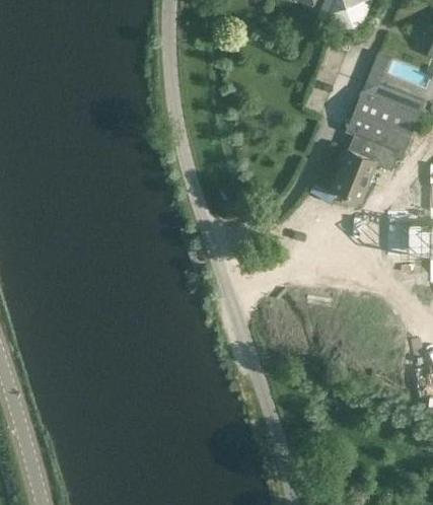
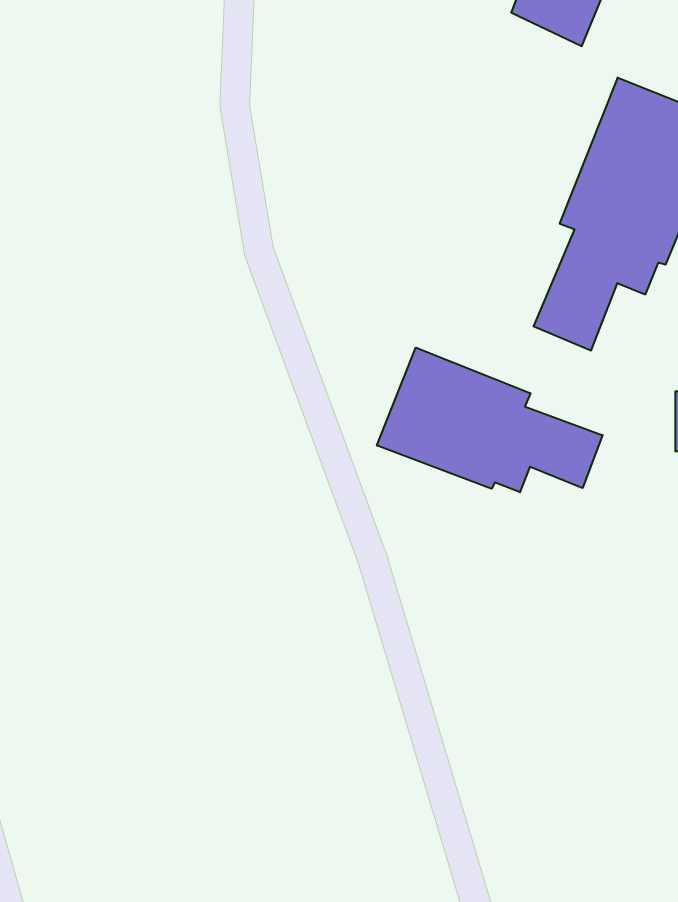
building: none -> [377,348,603,492]

